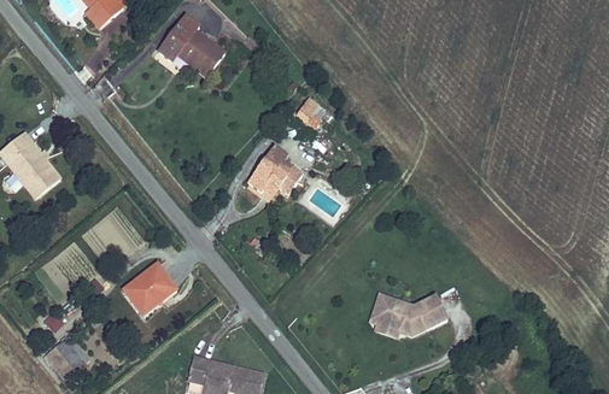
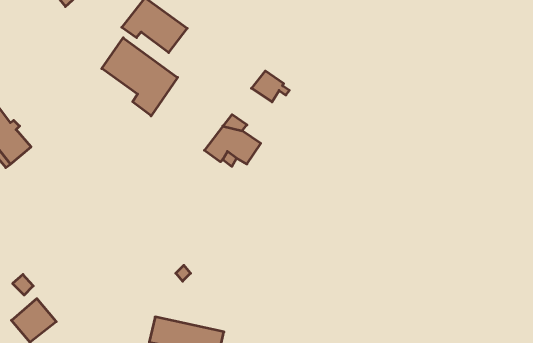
building: none -> [102,38,178,116]
building: [119,261,178,318] -> none
building: [369,293,449,339] -> none

